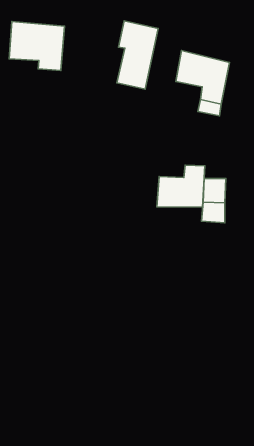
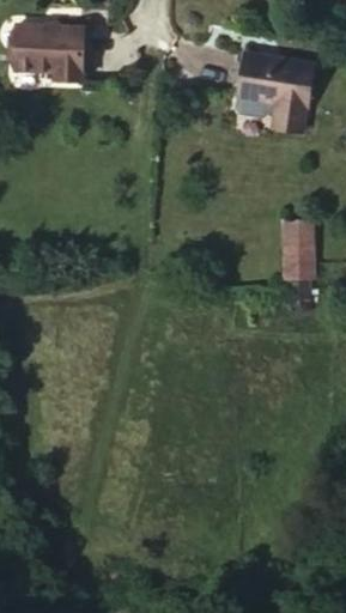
building: [117,21,158,89] -> none
building: [157,165,205,207] -> none

